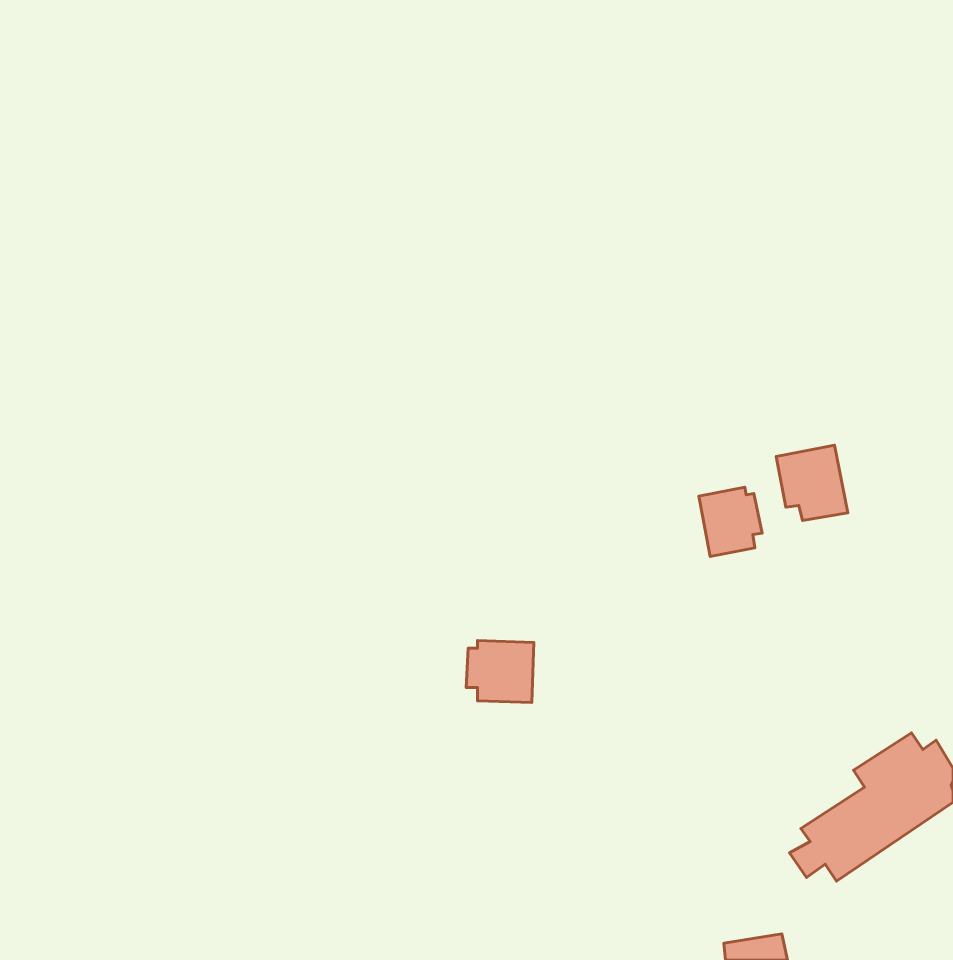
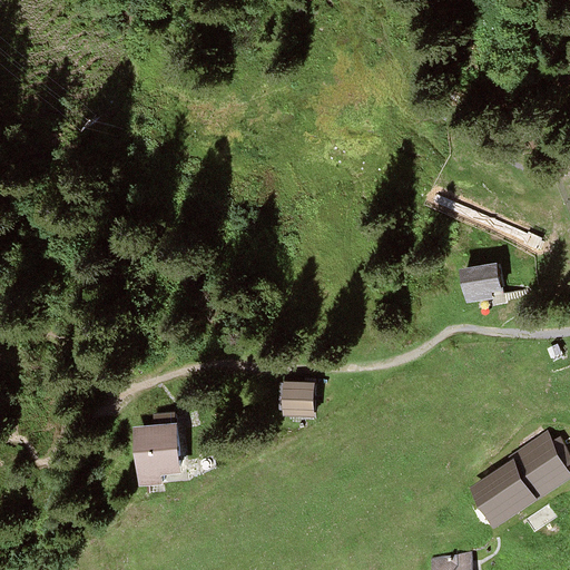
building: [699,487,762,557] -> none
building: none -> [134,422,185,484]

